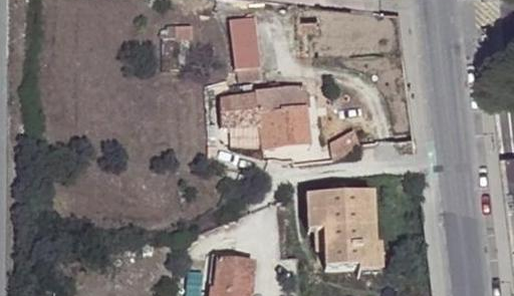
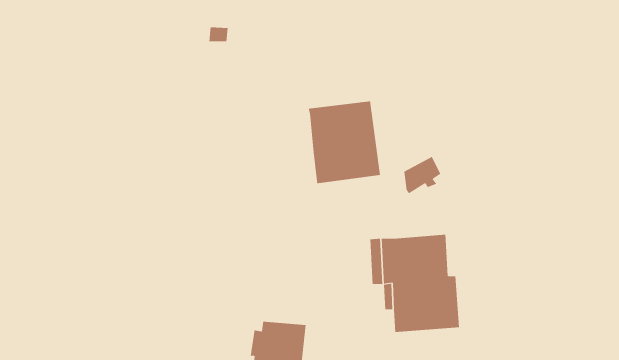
building: [228,15,260,68] -> none
building: [219,94,258,126] -> none

